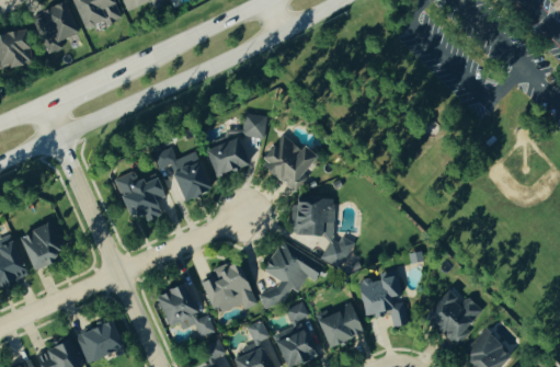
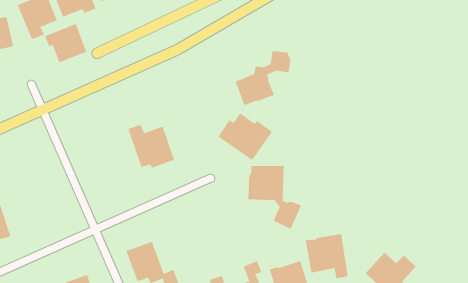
building: none -> [44,23,87,63]
building: [204,114,267,176] -> [235,51,291,106]
building: [113,171,176,221] -> none
building: [18,222,64,272] -> none
building: [263,243,323,310] -> none
building: [202,260,258,316] -> none

